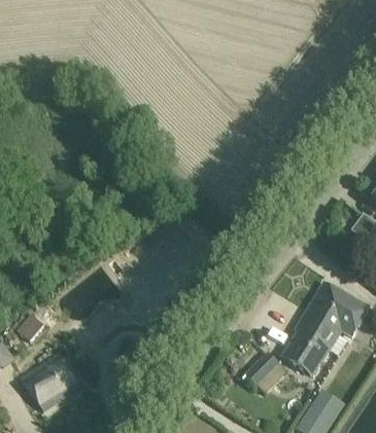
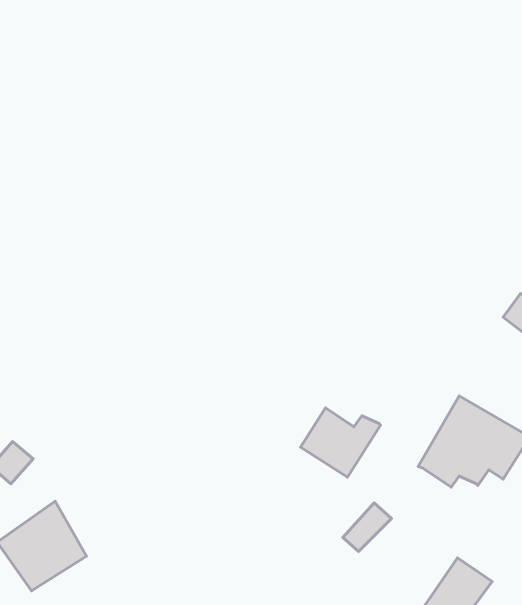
building: [283,329,336,374] -> [300,408,381,477]

